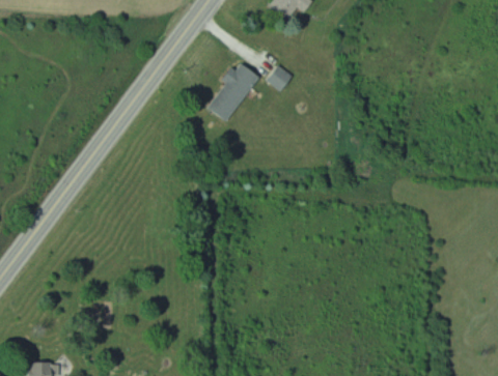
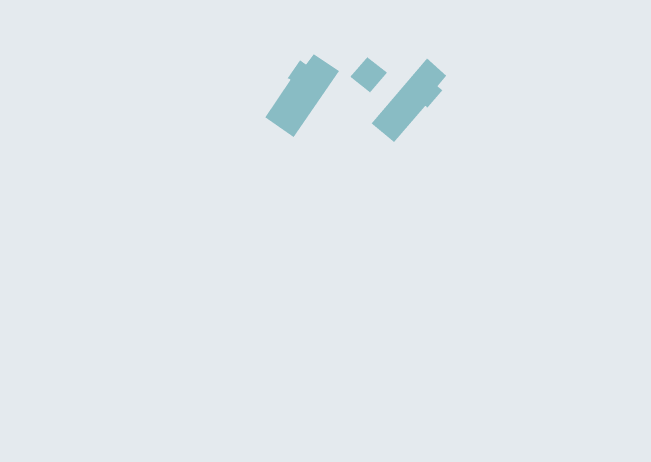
building: none -> [371,58,447,143]

